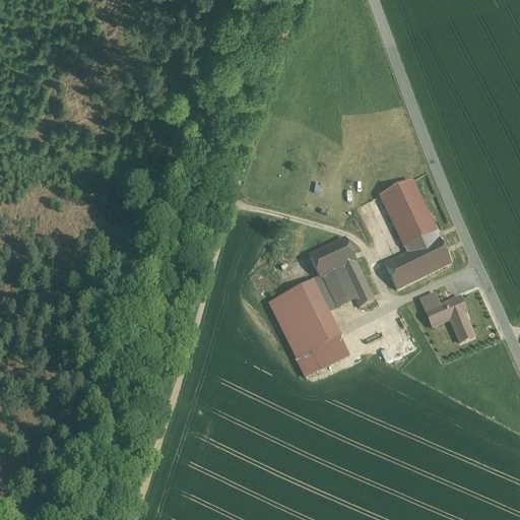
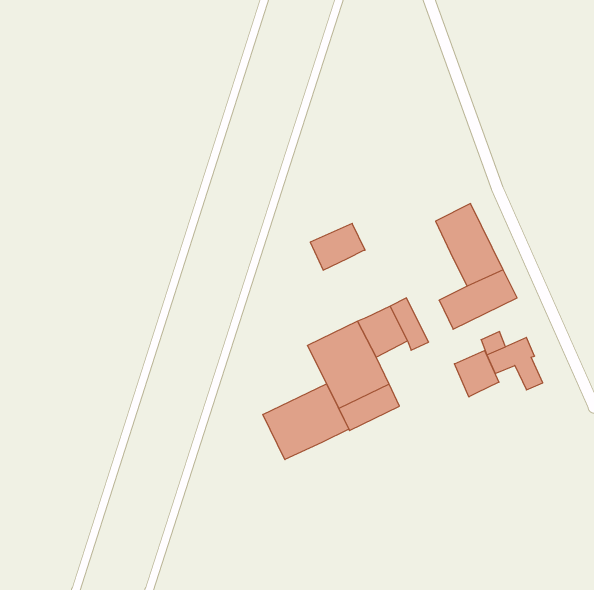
building: [308,237,355,277] -> [310,223,365,270]
building: none -> [454,351,499,397]
building: none -> [263,384,349,460]

